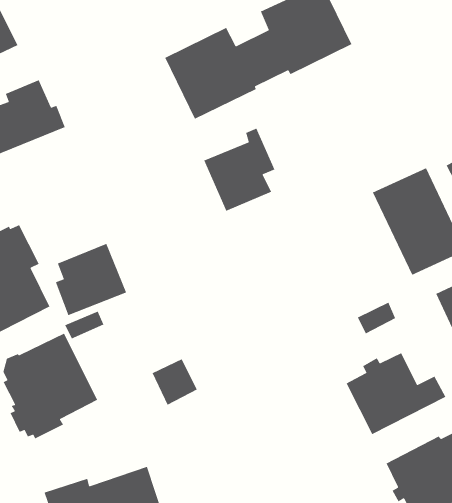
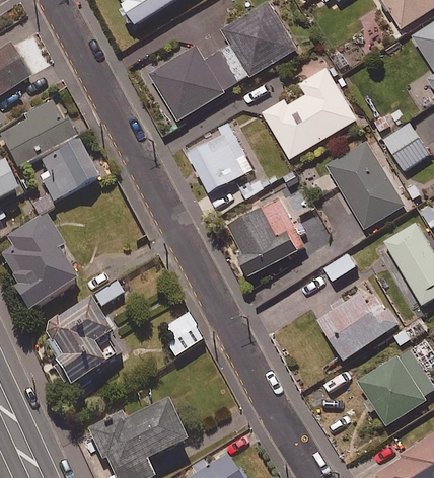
building: none -> [262,68,357,159]
building: none -> [227,198,306,277]
building: [55,243,127,316] -> [38,141,96,203]

